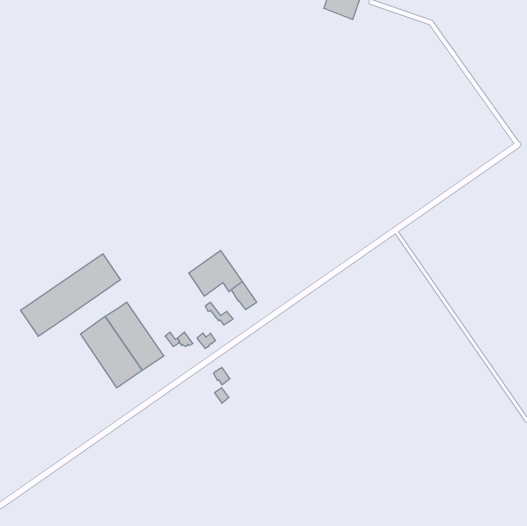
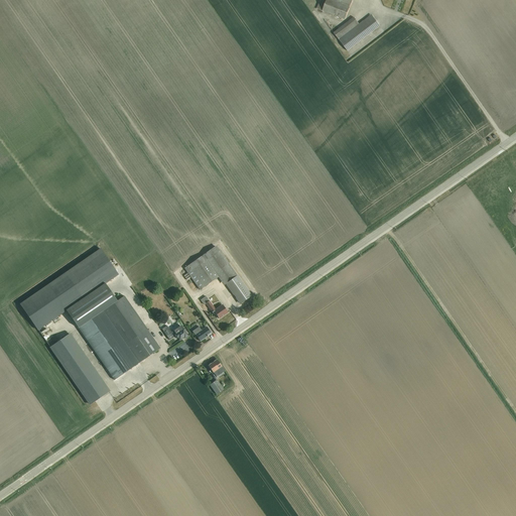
building: none -> [334,14,380,50]
building: none -> [66,282,117,327]
building: none -> [49,333,110,404]

